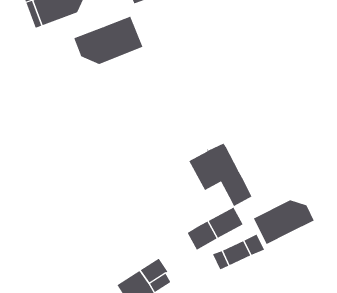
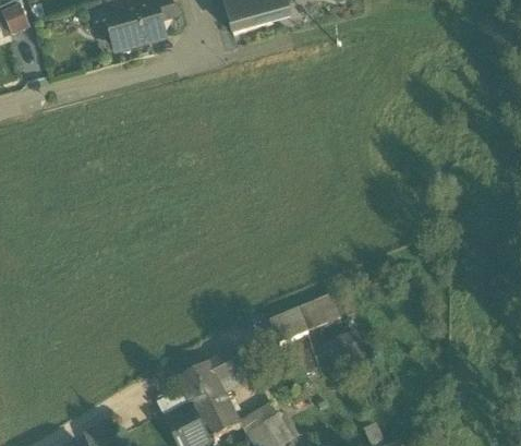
building: [73,16,143,65] -> none
building: [189,143,252,207] -> none
building: [253,199,315,245] -> none

